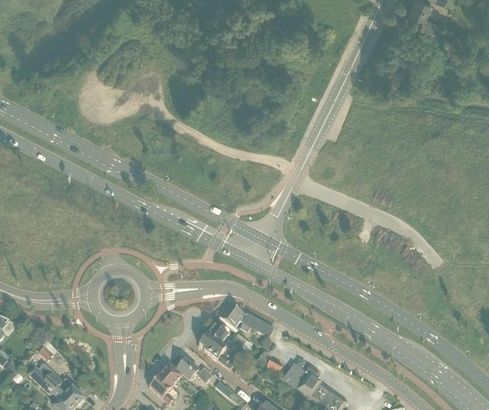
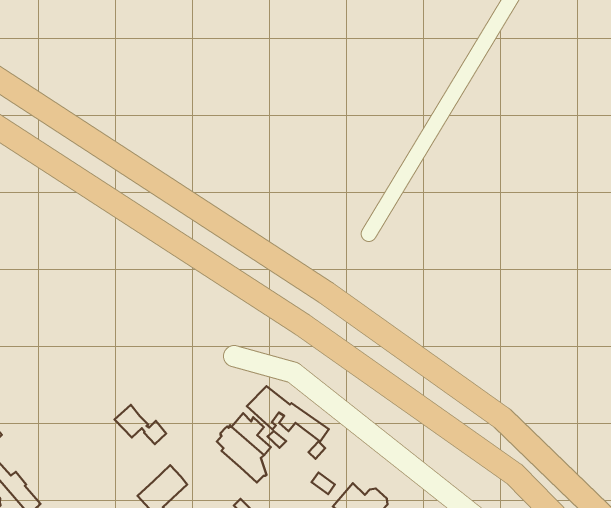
building: [175,356,211,381] -> [115,405,166,444]

